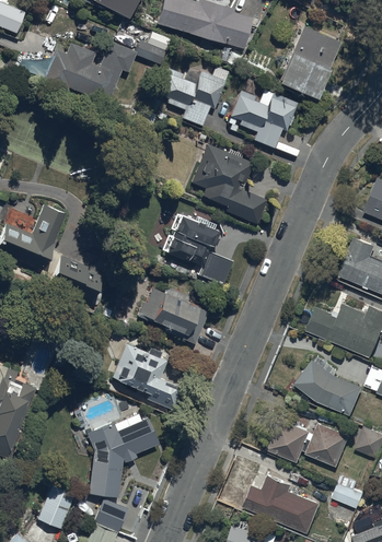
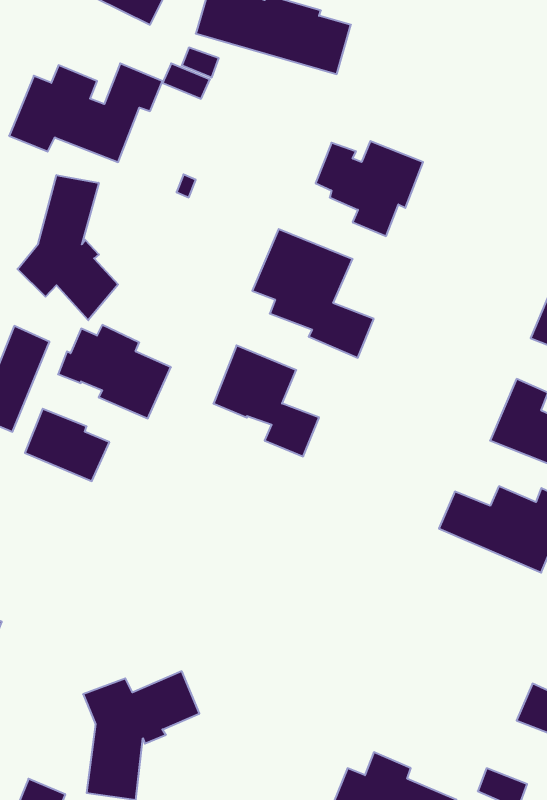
building: [279,26,342,99] -> none
building: [158,68,227,126] -> none
building: none -> [17,175,118,320]
building: [139,286,209,344] -> [58,325,171,418]
building: [113,344,185,411] -> none
building: [296,360,363,415] -> none
building: [267,420,350,467] -> none

